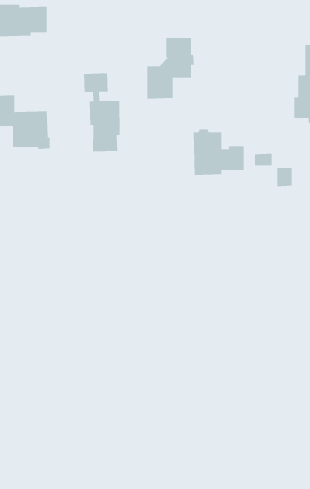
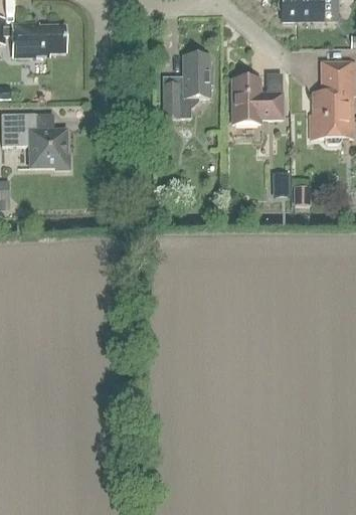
building: [83,73,120,152] -> none
building: [193,128,244,176] -> [231,75,283,123]

